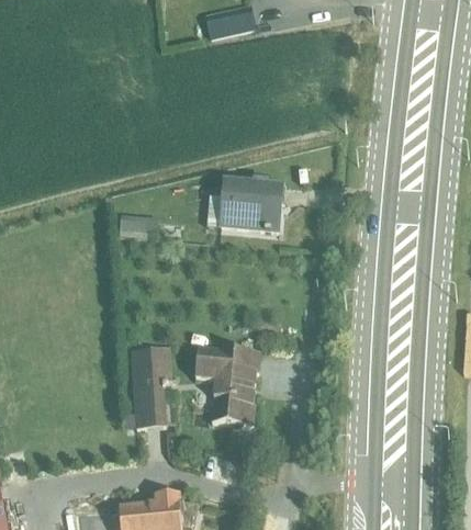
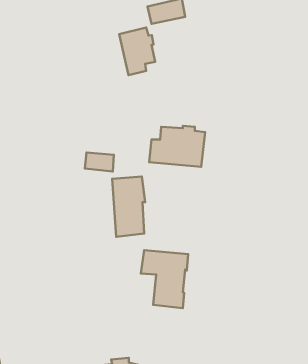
building: none -> [119,28,155,75]
building: [128,346,173,428] -> [112,177,145,237]

